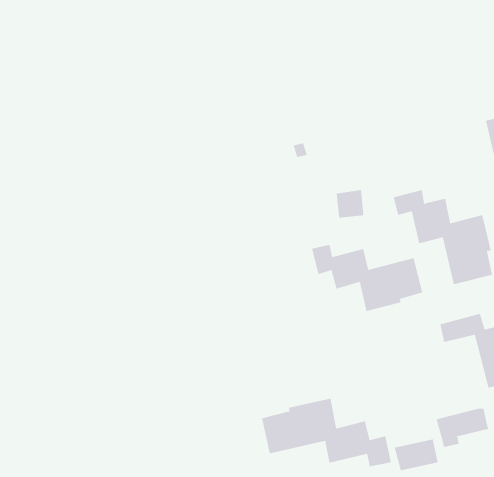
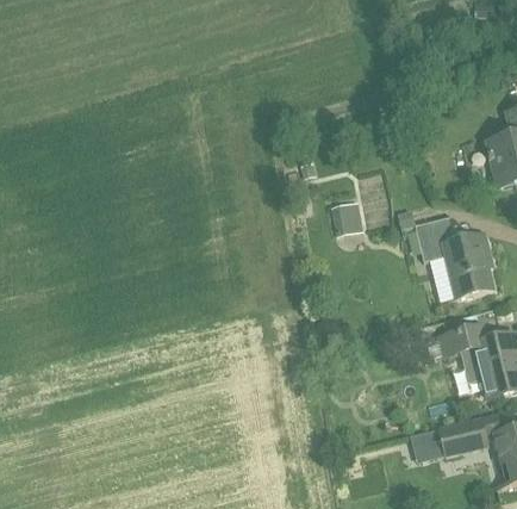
building: [312,244,423,312] -> none
building: [262,398,391,467] -> none

